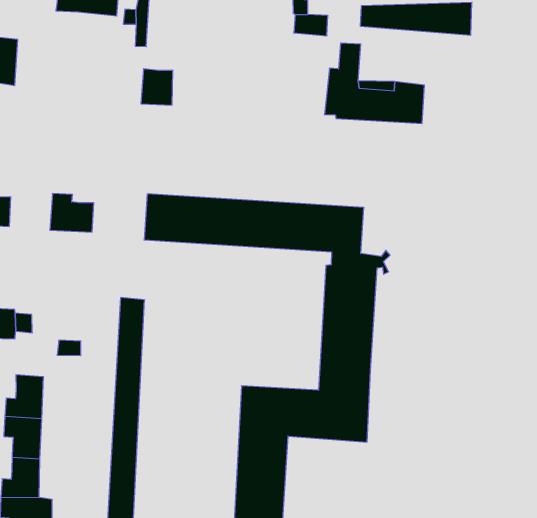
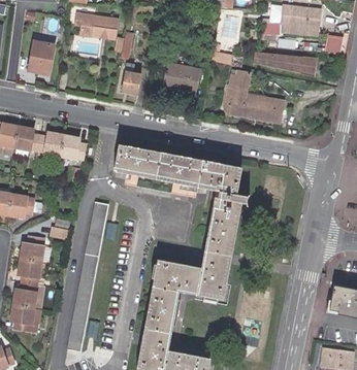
building: none -> [164,63,199,93]
building: none -> [37,133,64,156]

